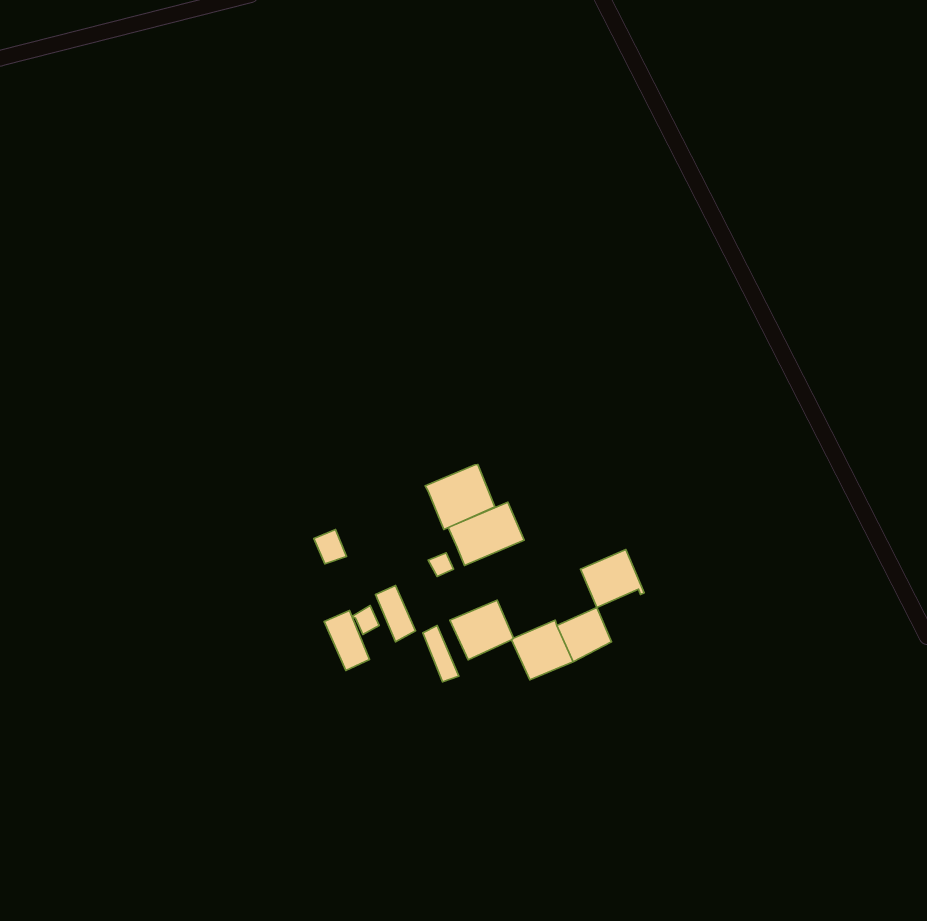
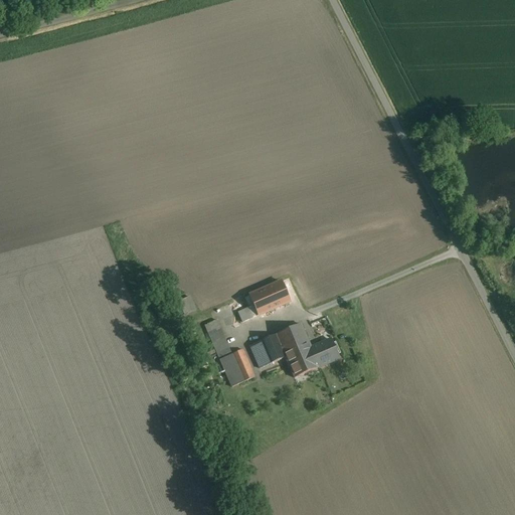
building: [425,465,495,530] -> none
building: [581,549,644,607] -> [276,322,311,354]
building: [324,611,369,670] -> [220,351,245,384]

